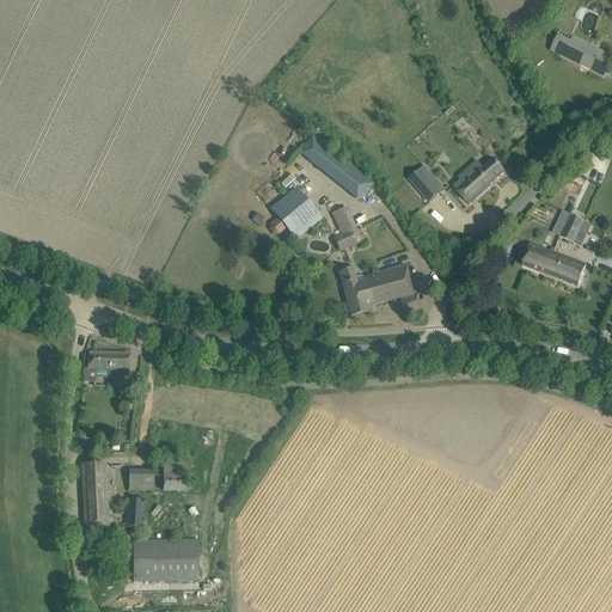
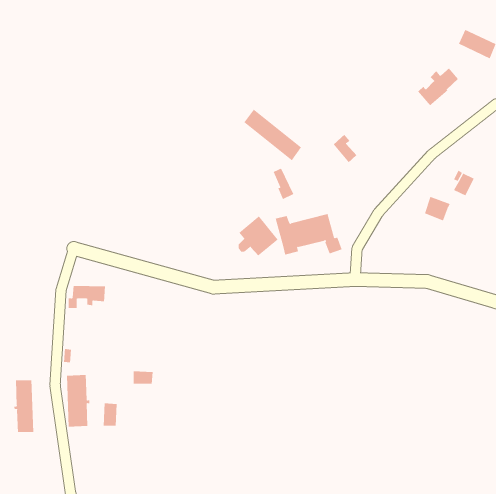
building: [453,155,504,203] -> [417,67,459,106]
building: [270,186,320,237] -> [238,215,278,256]
building: [546,251,587,284] -> none
building: none -> [14,379,34,433]
building: [129,469,153,490] -> none
building: [133,539,198,580] -> none

